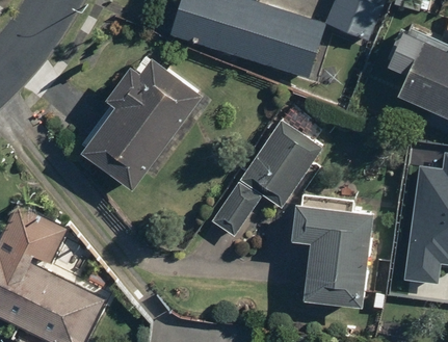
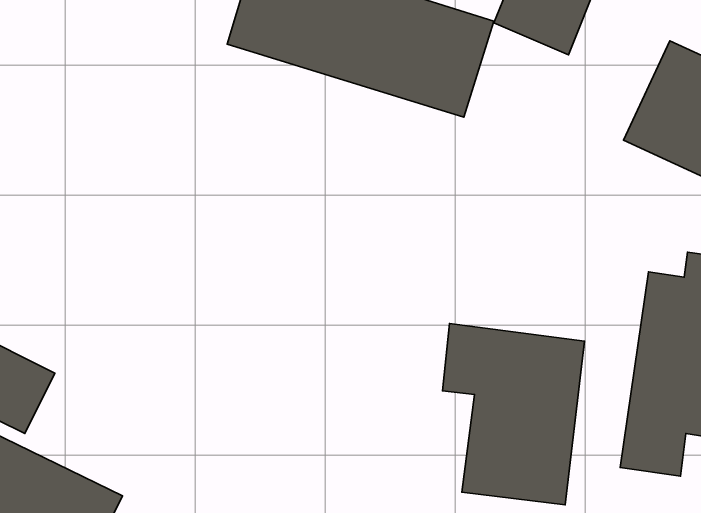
building: [84,55,205,187] -> none
building: [210,120,321,237] -> none

